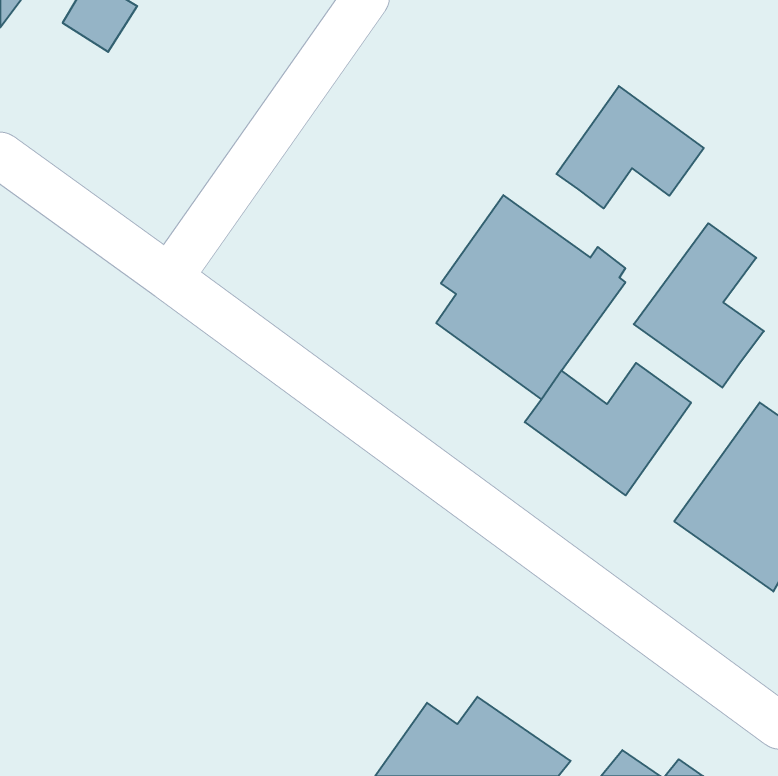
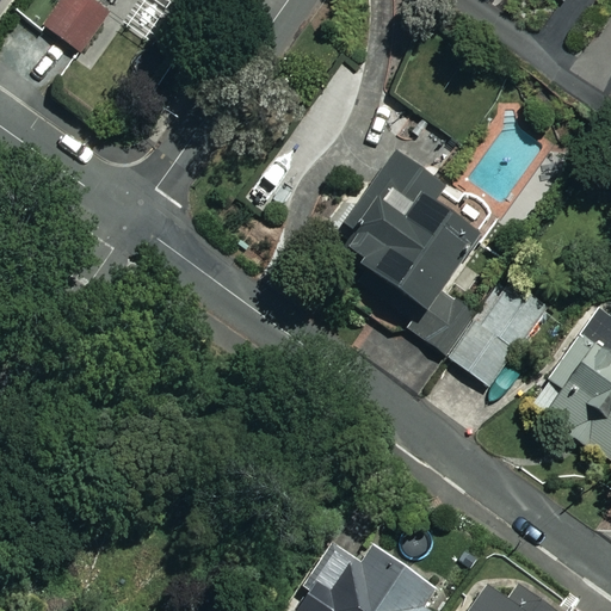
building: [556,86,704,208] -> none
building: [634,223,764,388] -> none

